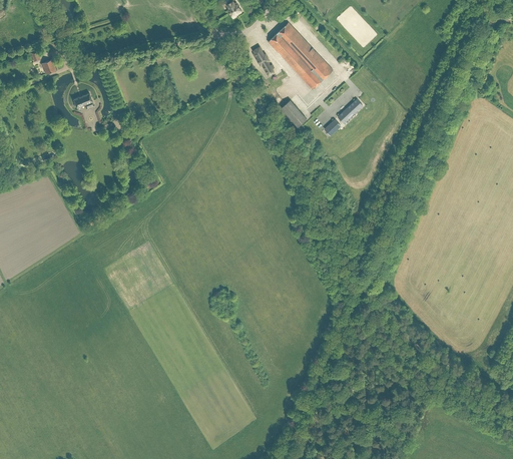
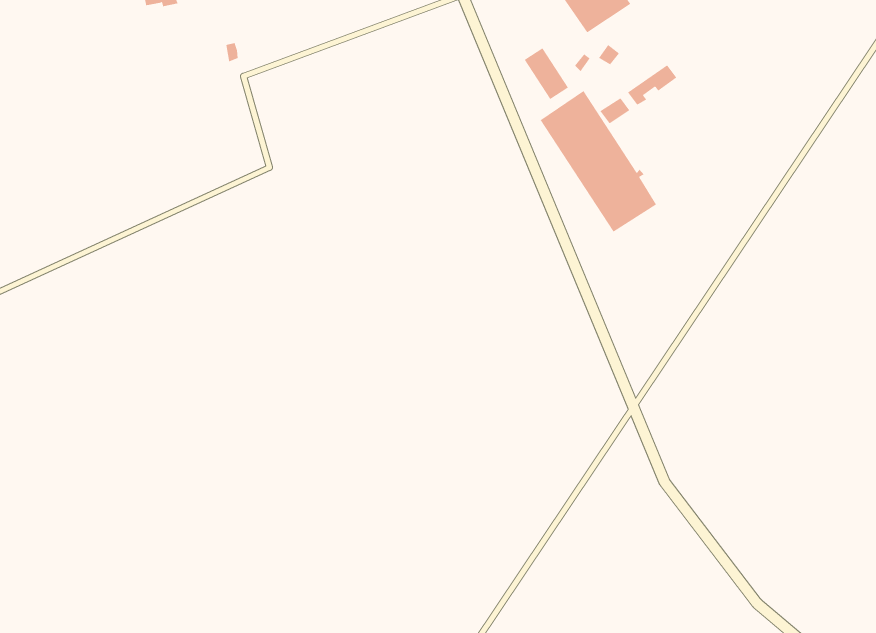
building: none -> [540,90,657,233]

